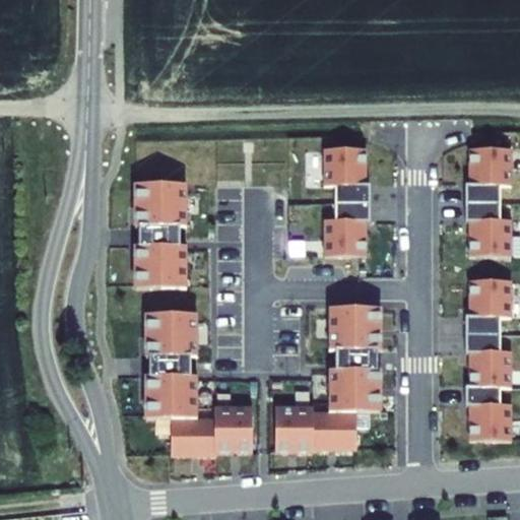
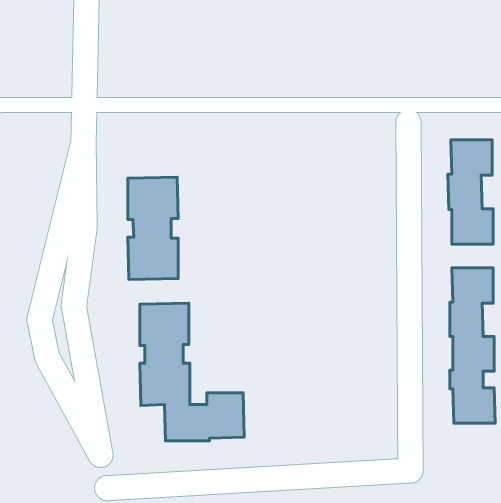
building: [323,145,369,254] -> none
building: [276,305,381,451] -> none

